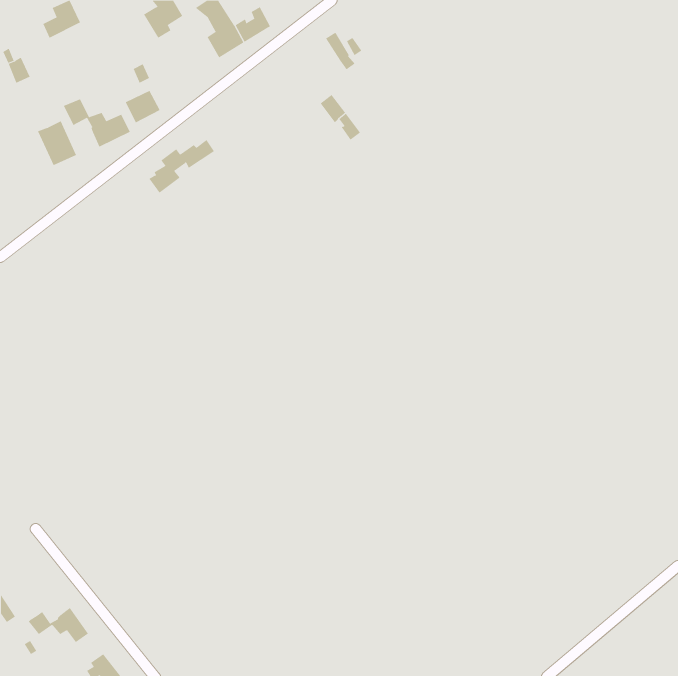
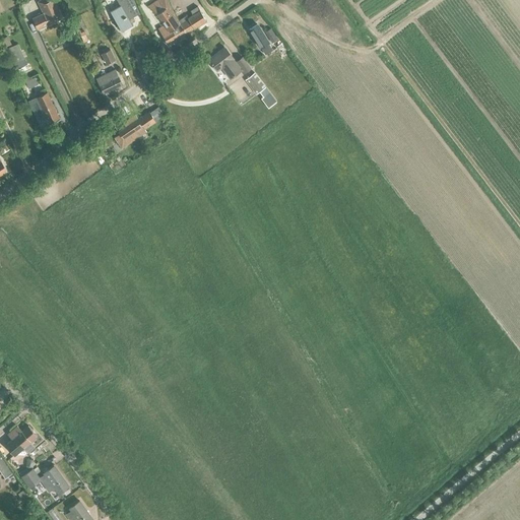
building: none -> [208,48,250,78]
building: [63,99,131,148] -> none
building: none -> [4,426,37,456]

